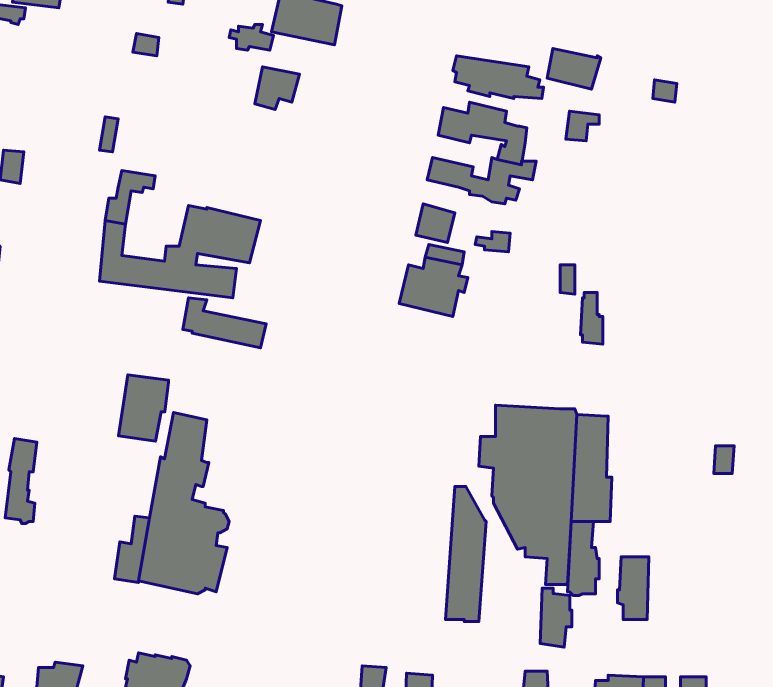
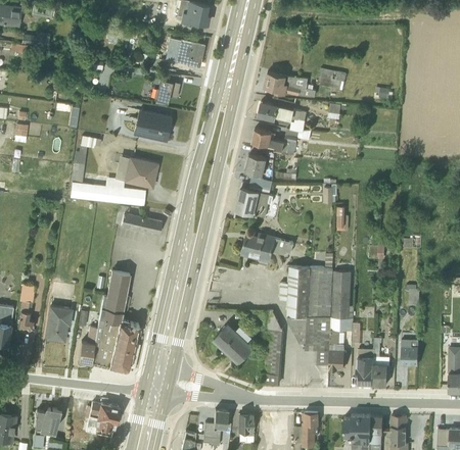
building: none -> [133,110,172,141]
building: none -> [241,232,294,262]
building: [118,375,168,441] -> [45,305,73,342]
building: none -> [215,324,254,361]
building: none -> [402,339,419,364]
building: [540,588,572,647] -> [373,353,390,386]

